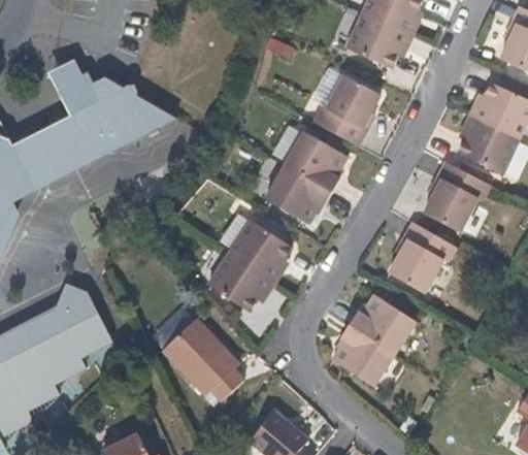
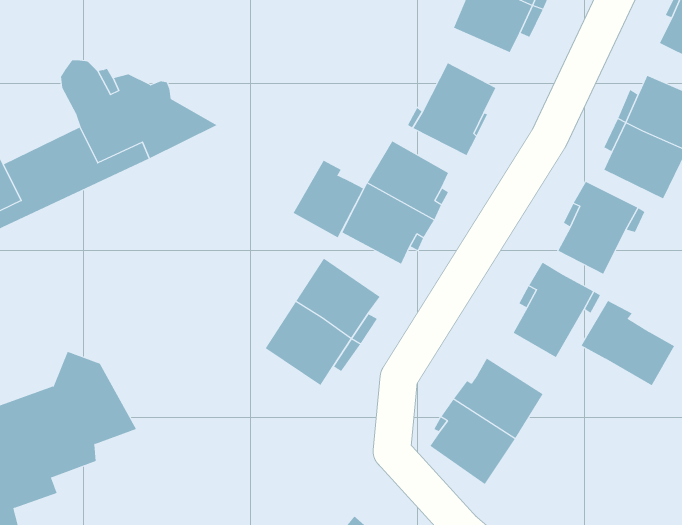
building: none -> [293,160,364,238]
building: none -> [581,300,675,386]
building: [162,315,246,401] -> none

